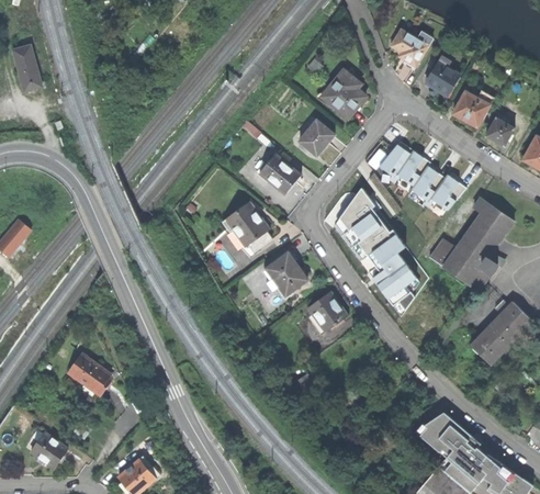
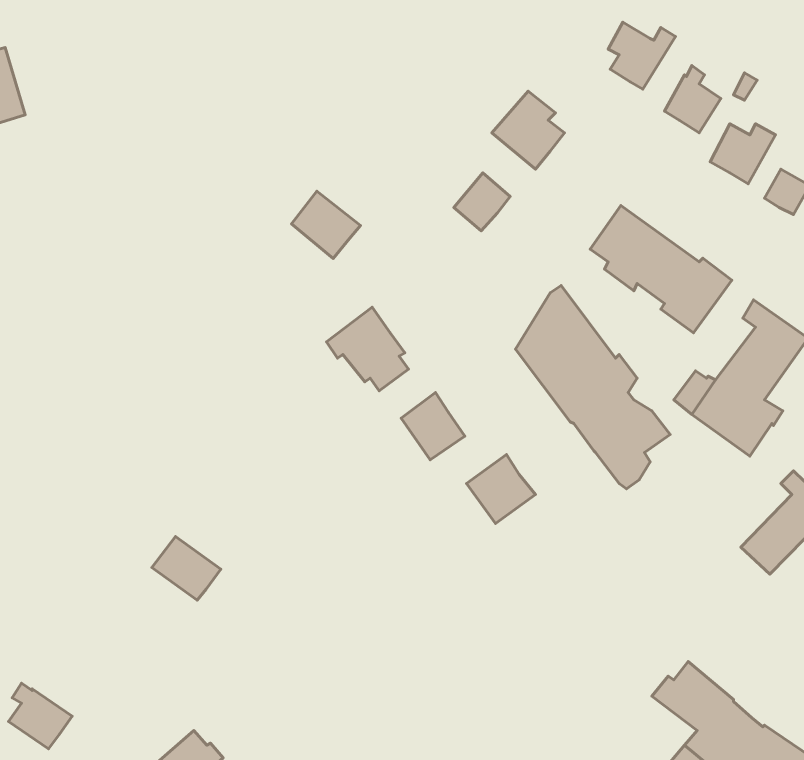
building: [259,153,301,193] -> [291,191,360,258]
building: [68,353,110,392] -> [152,537,221,600]

